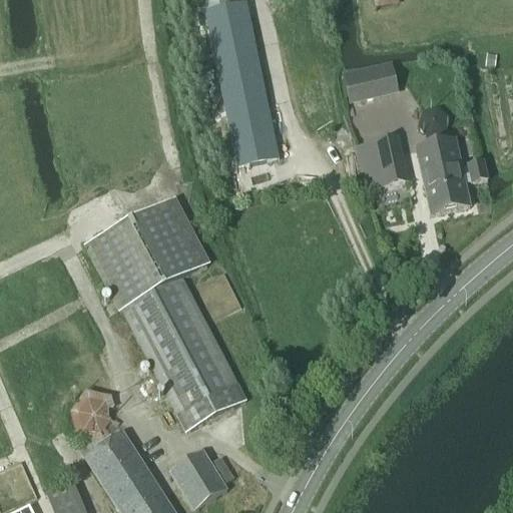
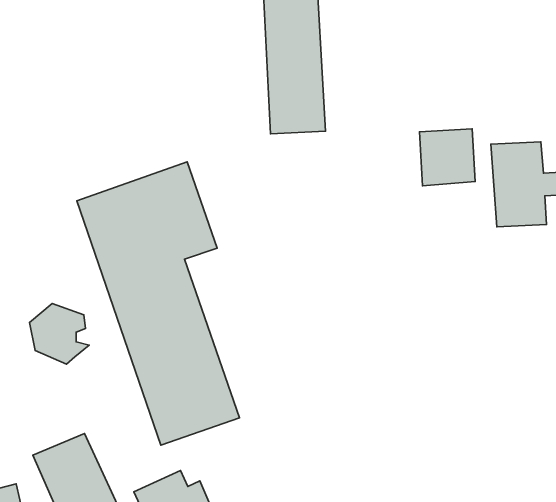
building: [342,59,398,101] -> none
building: [417,104,449,135] -> none
building: [68,391,119,438] -> [29,304,89,364]

